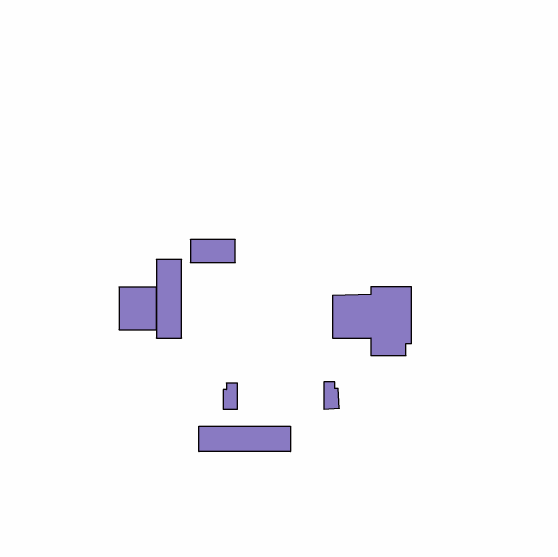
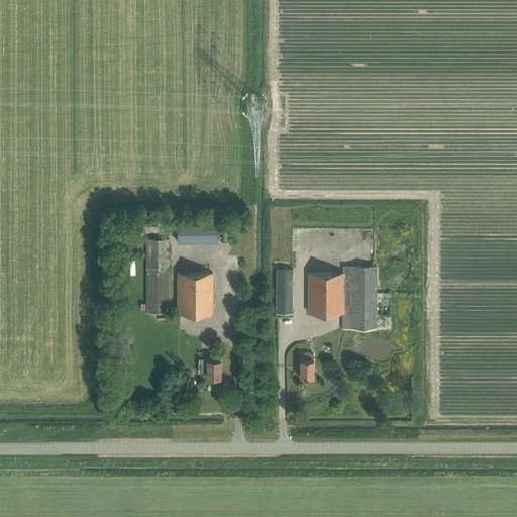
building: [119,287,156,330] -> [177,275,211,314]
building: none -> [275,271,291,315]
building: [199,426,290,452] -> none

